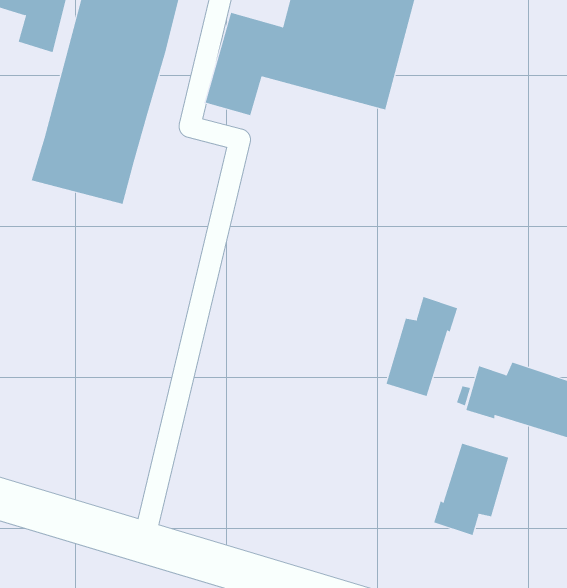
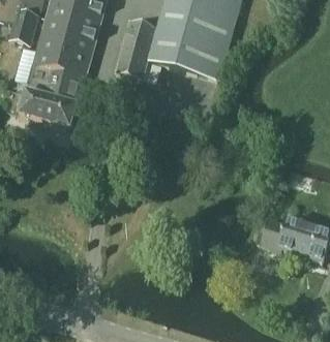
building: [386,296,458,397] -> none
building: [433,443,509,536] -> none

